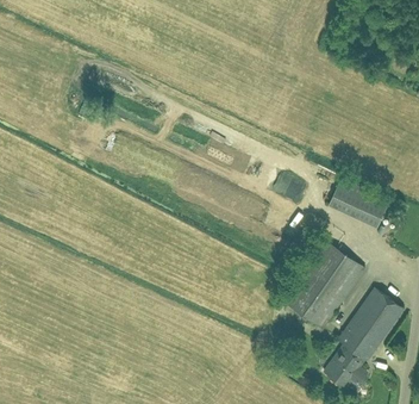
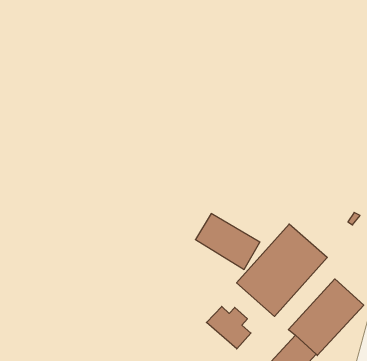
building: [327,181,388,230] -> [195,214,260,269]
building: none -> [206,306,251,349]

